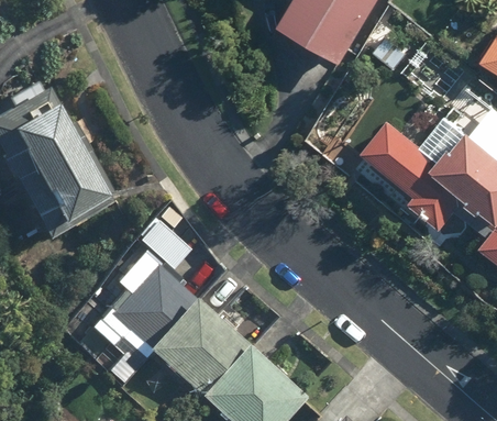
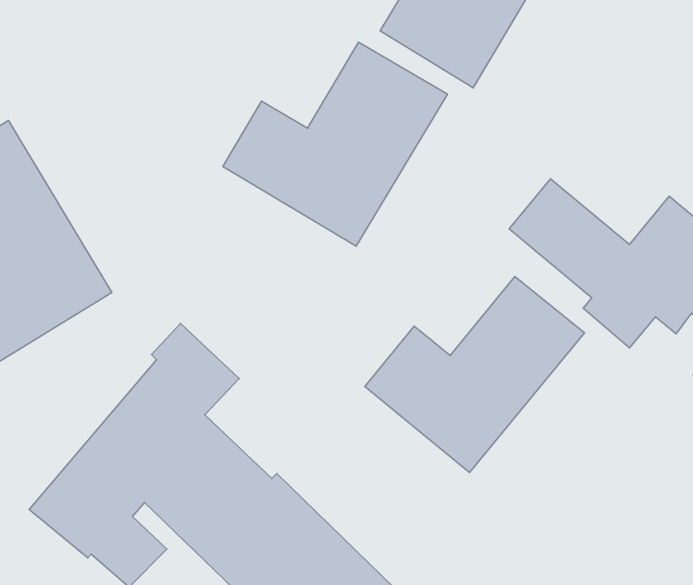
building: none -> [223,42,447,246]
building: none -> [365,277,585,472]

